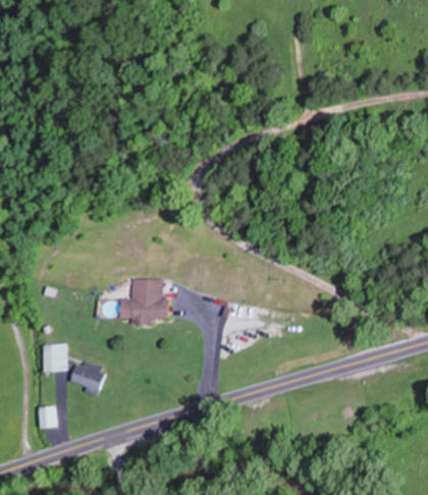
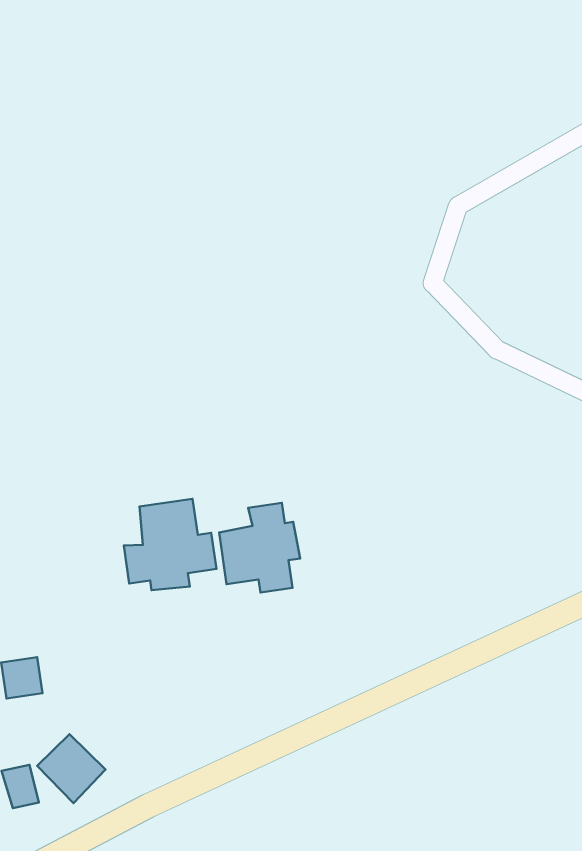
building: none -> [219,503,300,593]
building: [71,360,107,396] -> [37,734,106,803]

